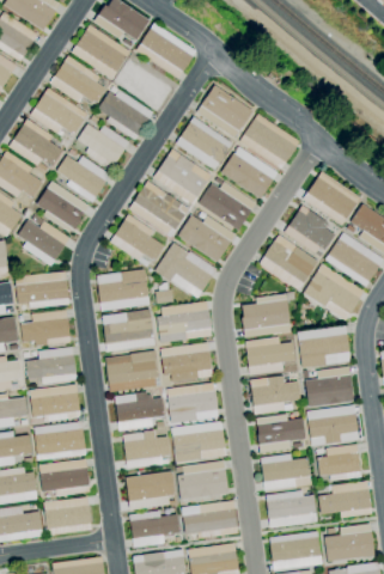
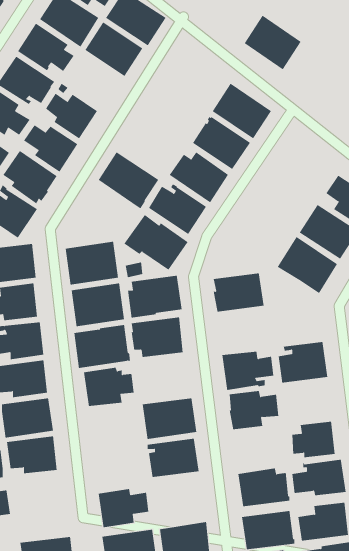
building: [197,85,254,139] -> [244,15,301,70]
building: [98,86,153,141] -> none
building: [176,117,233,170] -> none
building: [153,149,212,206] -> none
building: [303,172,361,226] -> none
building: [285,206,335,254] -> none
building: [110,215,164,267] -> none
building: [261,236,318,291] -> none
building: [298,326,351,368] -> none
building: [245,338,295,375] -> none
building: [167,384,219,425] -> none
building: [307,405,359,446] -> none
building: [123,430,171,470] -> none
building: [261,454,312,490] -> none
building: [126,471,176,511] -> none
building: [44,497,92,536] -> none
building: [182,501,238,539] -> none

